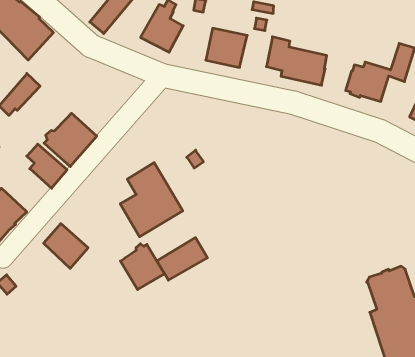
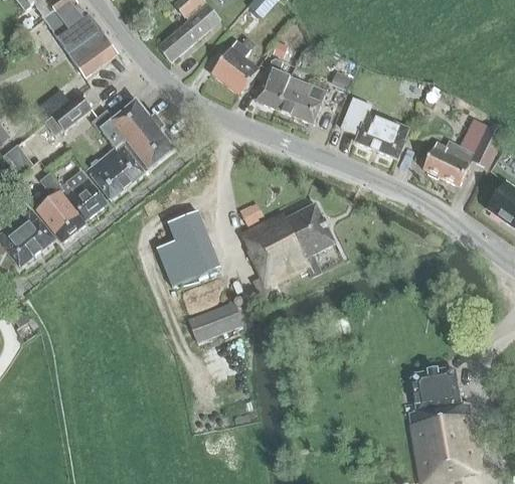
building: none -> [254,57,290,109]
building: none -> [97,99,175,168]
building: none -> [239,204,334,300]
building: [44,224,88,268] -> [38,192,85,243]
building: [120,244,165,290] -> none

